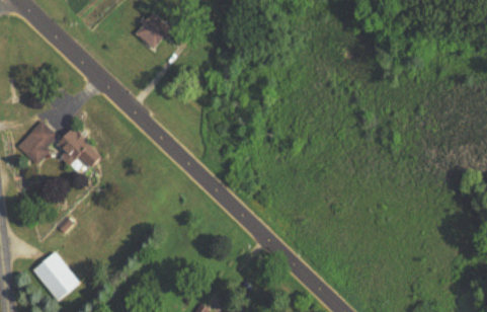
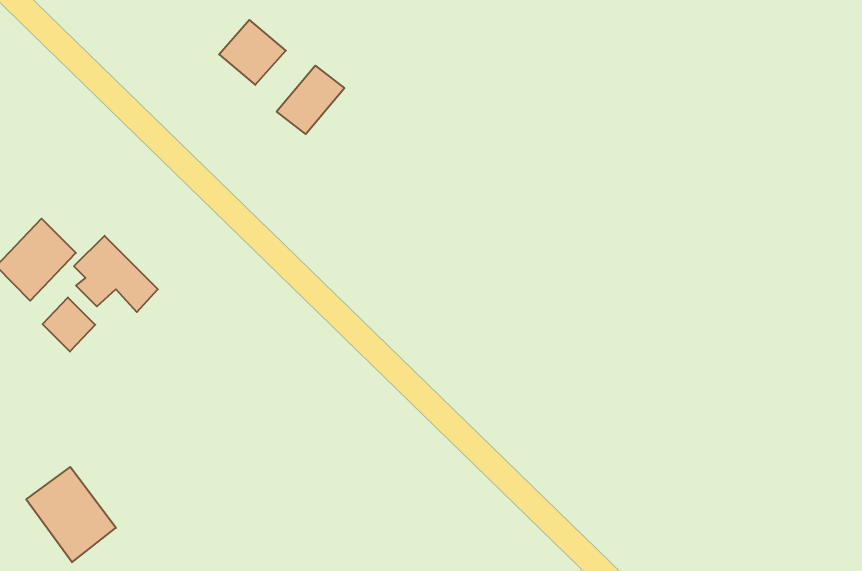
building: none -> [277,66,344,134]
building: none -> [43,297,95,352]

